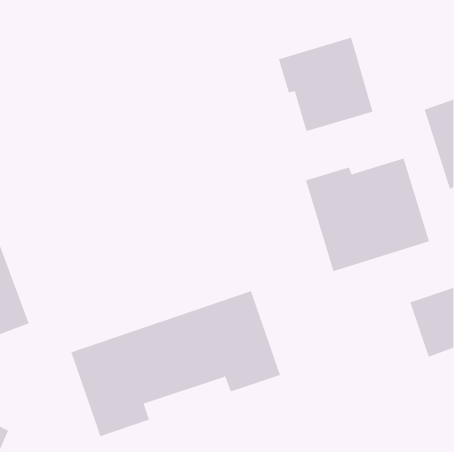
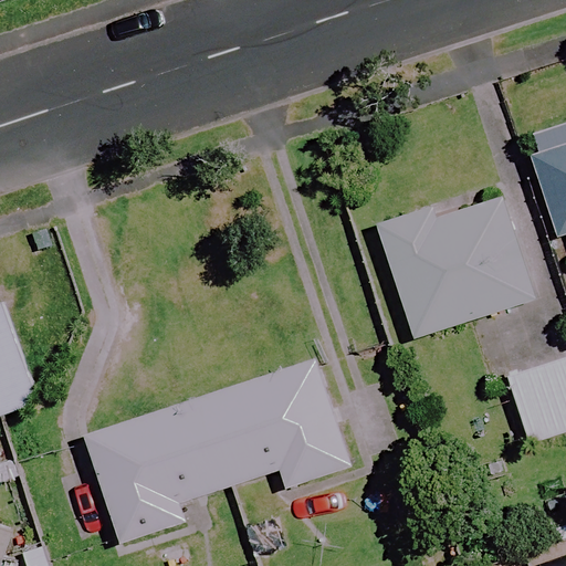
building: [278,37,373,132] -> none

